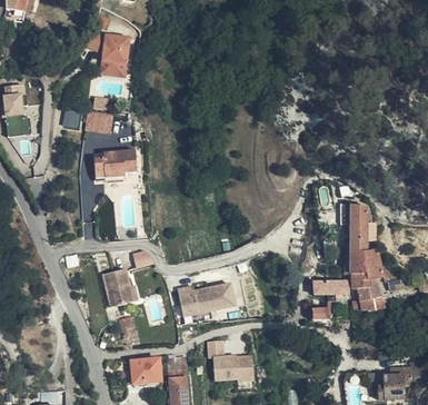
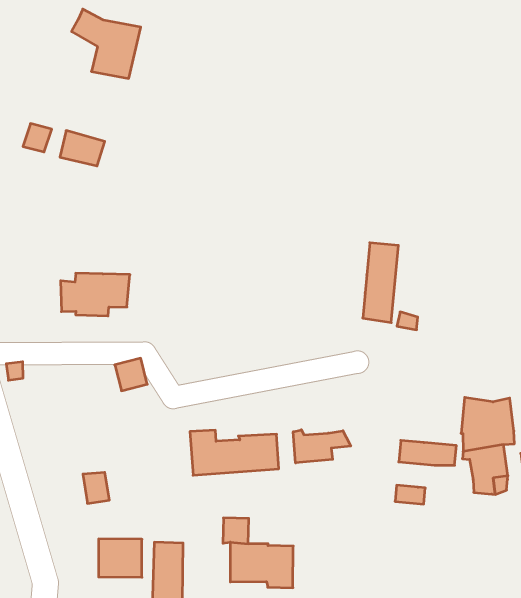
building: [93,151,136,179] -> [61,273,130,316]
building: [349,205,367,253] -> [363,243,398,323]
building: [102,270,133,307] -> none
building: none -> [293,430,351,463]

